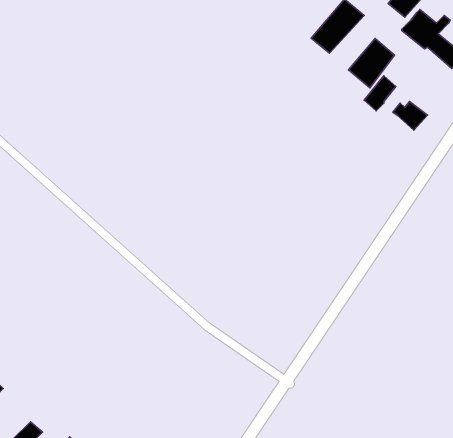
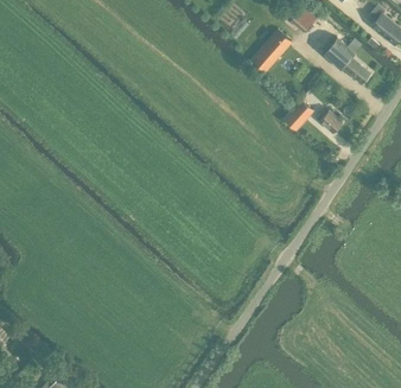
building: [349,39,394,88] -> none

